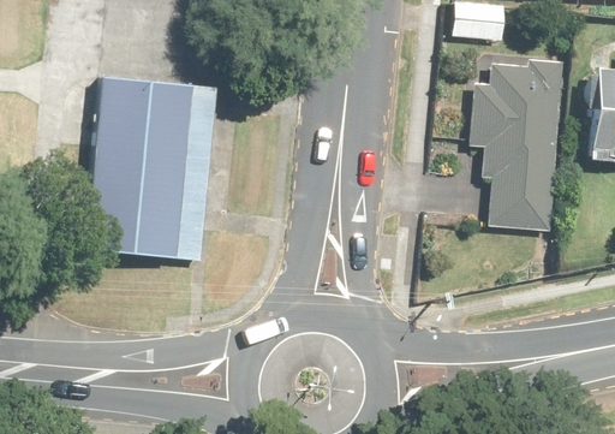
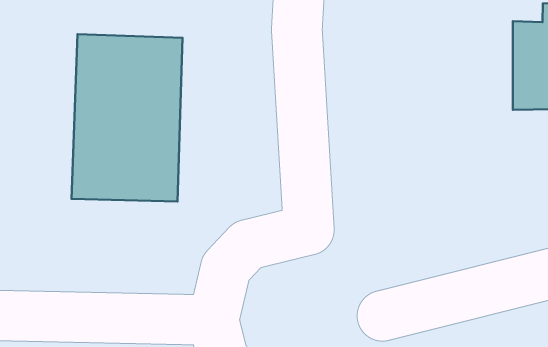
building: [448,69,539,236] -> none

